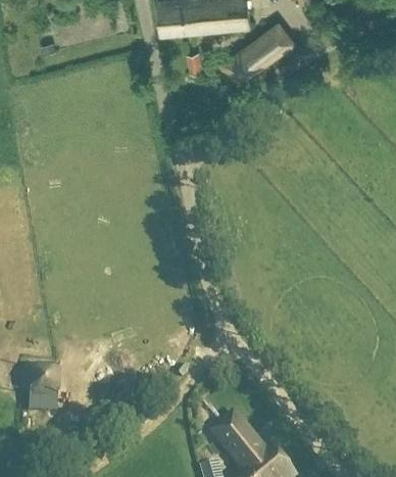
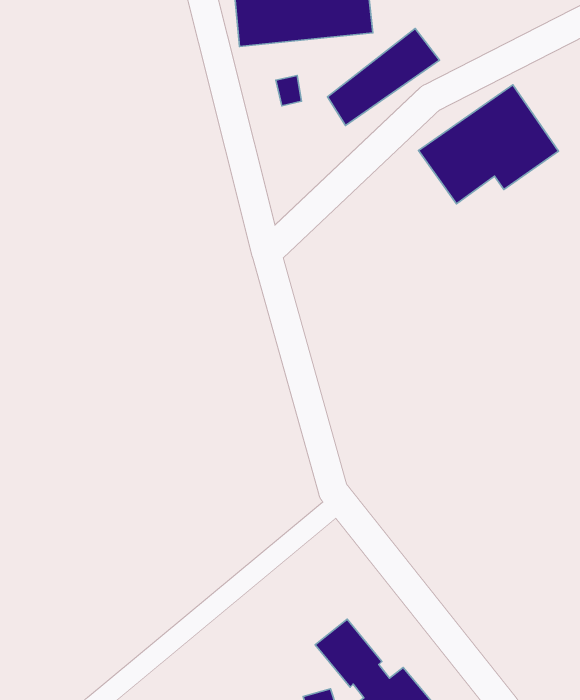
building: none -> [418,85,558,204]
building: [28,371,58,401] -> none

